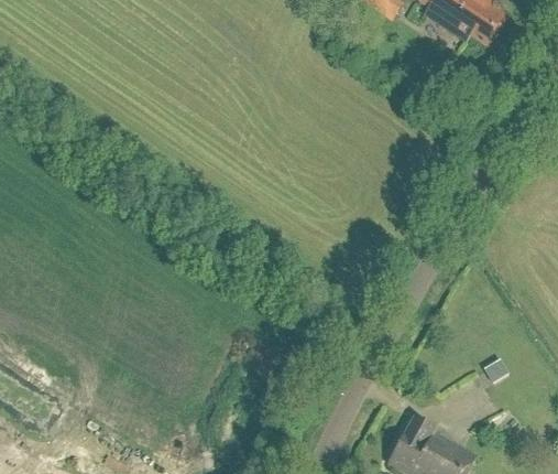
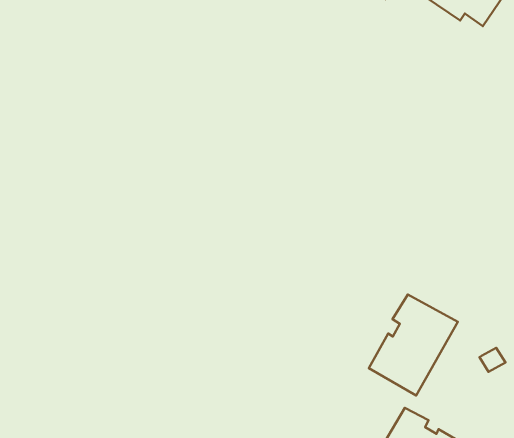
building: none -> [369,294,458,396]

